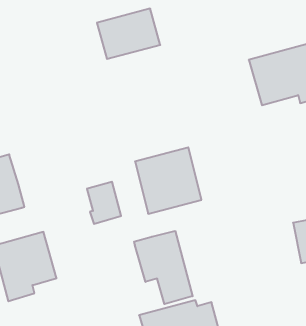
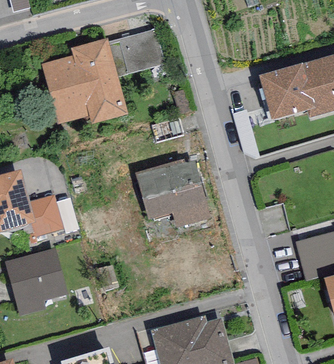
building: none -> [40,39,127,124]
building: [87,182,121,224] -> [29,193,63,235]
building: [134,231,193,304] -> none

